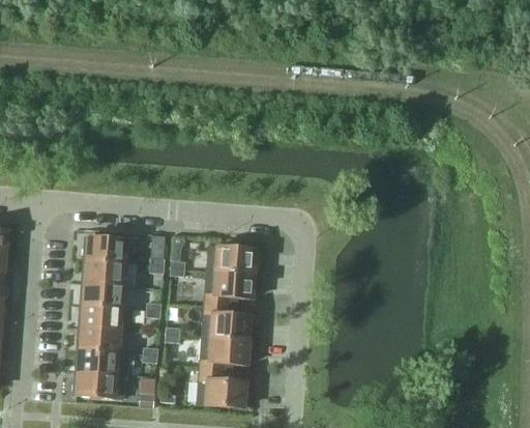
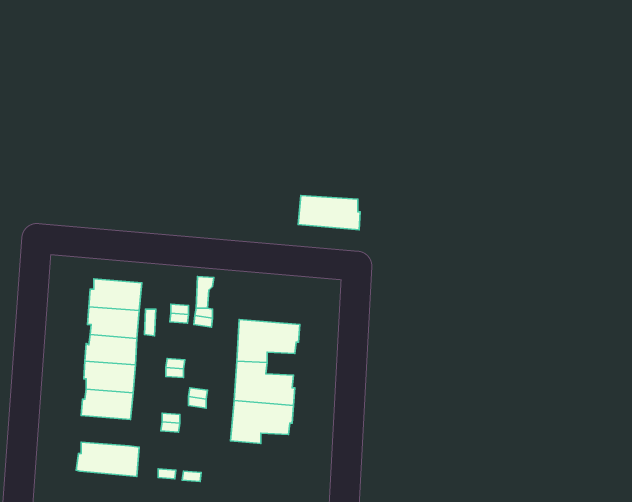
building: [207,247,258,275] -> [298,196,360,230]
building: [77,349,118,374] -> none
building: [198,370,248,408] -> none

